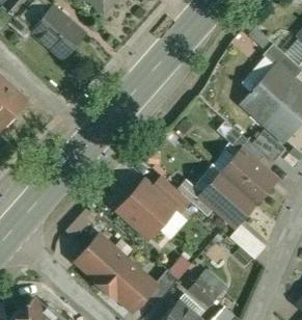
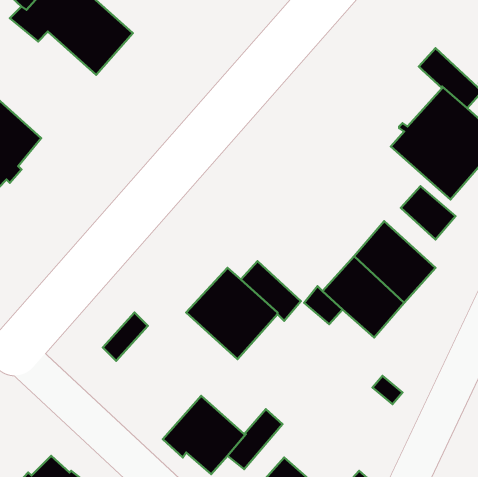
building: [241,57,277,92] -> none
building: [77,236,127,288] -> none
building: [189,269,226,306] -> none

